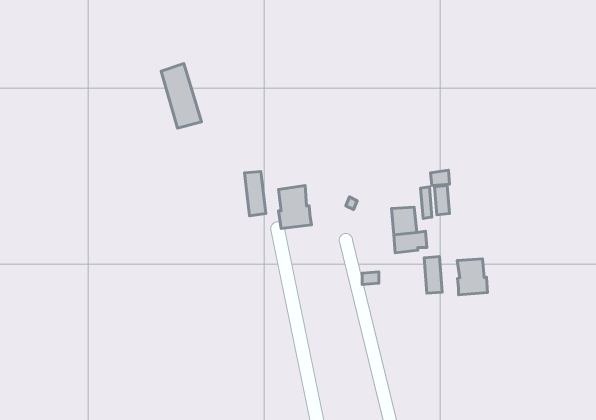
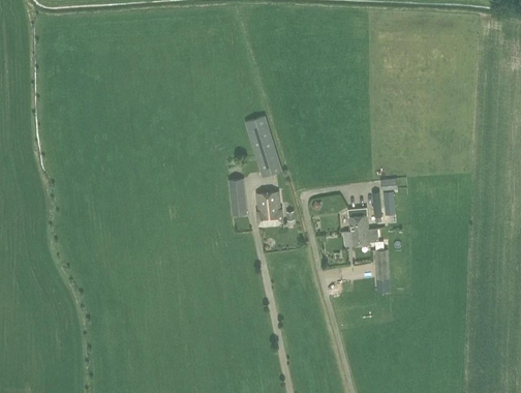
building: [161,64,202,128] -> [247,122,280,175]
building: [457,259,488,295] -> none

